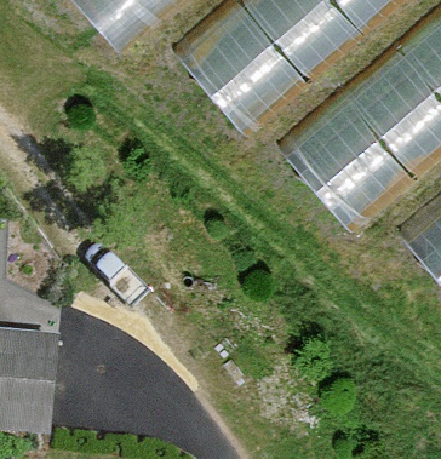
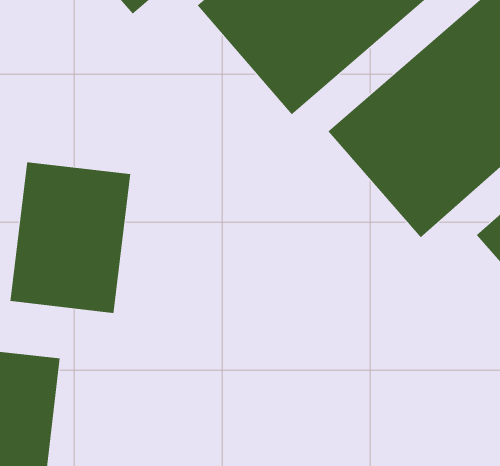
building: none -> [10,161,131,314]

